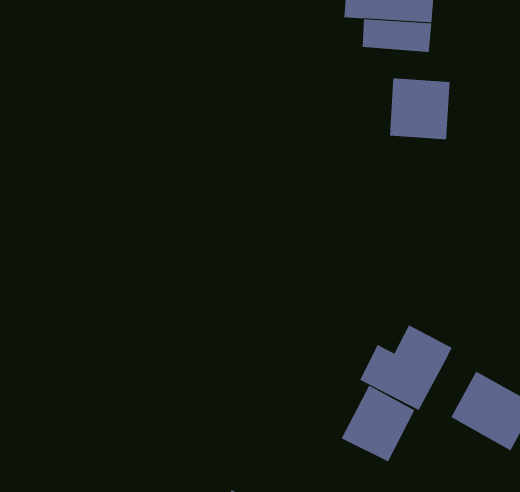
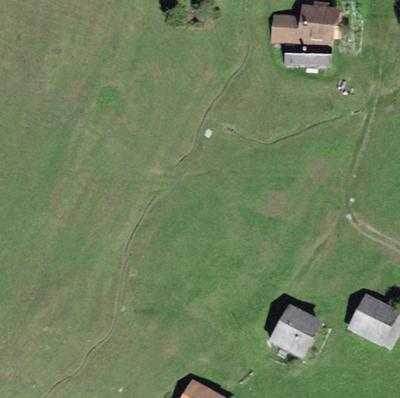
building: [389,77,450,140] -> none
building: [360,325,453,411] -> none

